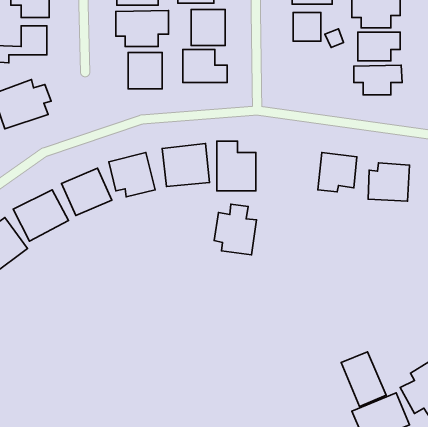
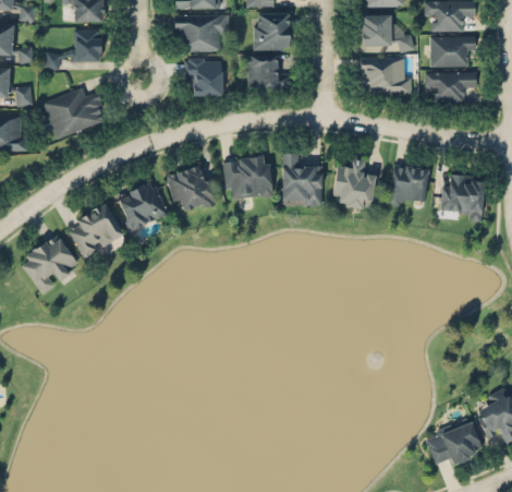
building: none -> [362,59,412,95]
building: [214,204,256,255] -> [332,157,377,211]
building: [341,352,386,407] -> none

